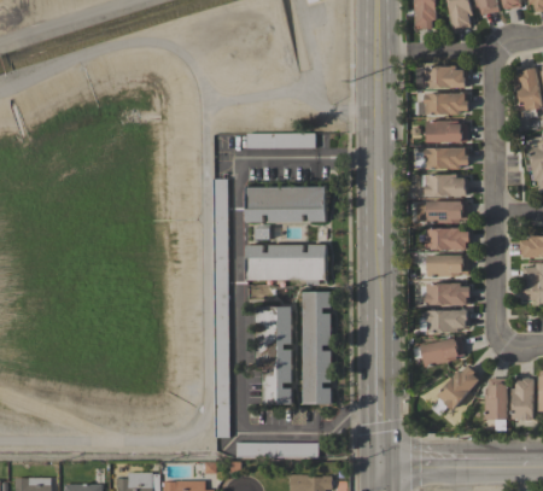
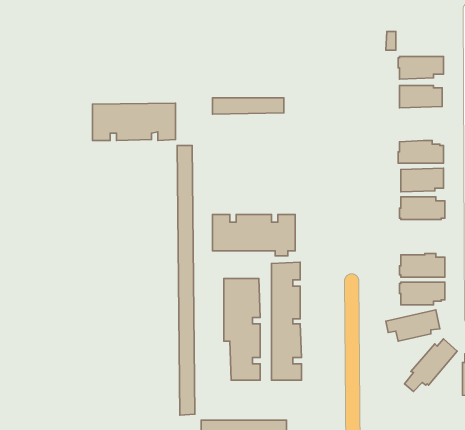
building: [425,65,467,88] -> none
building: [425,147,468,169] -> none
building: [246,186,326,222] -> [92,103,175,141]
building: [427,255,468,276] -> none

